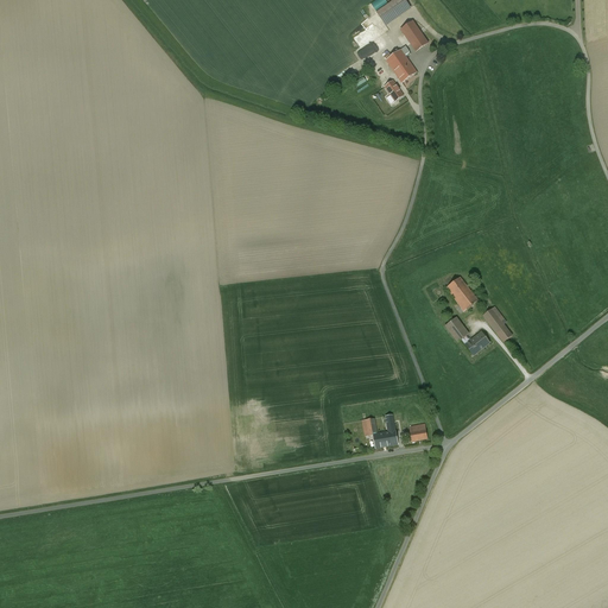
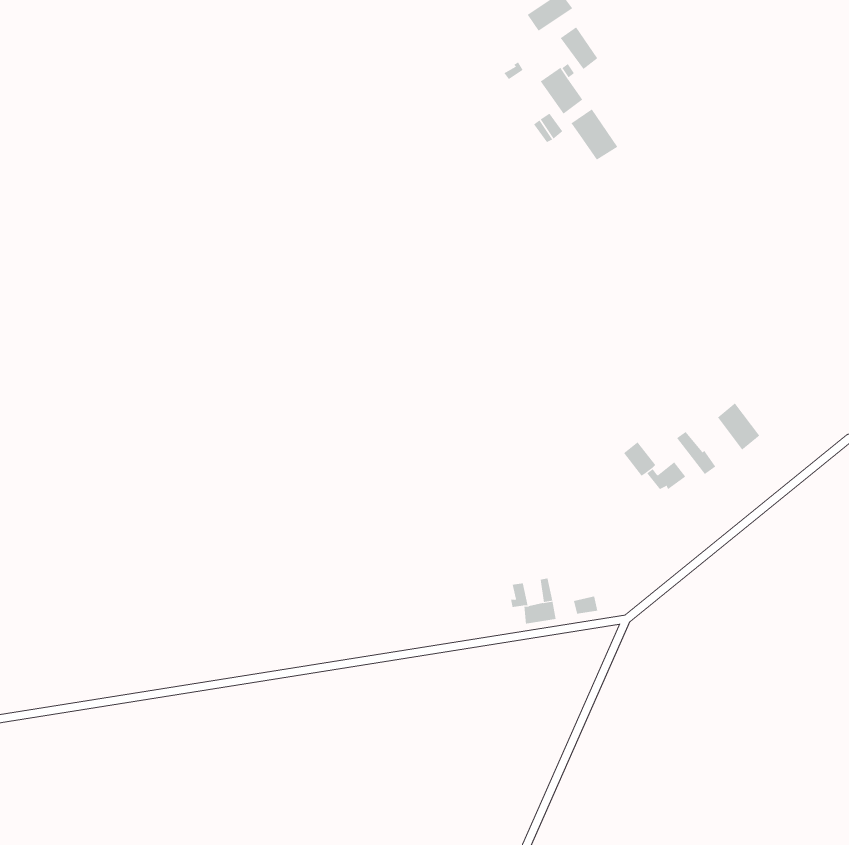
building: none -> [570,108,618,161]
building: [446,276,477,310] -> [717,402,760,451]

